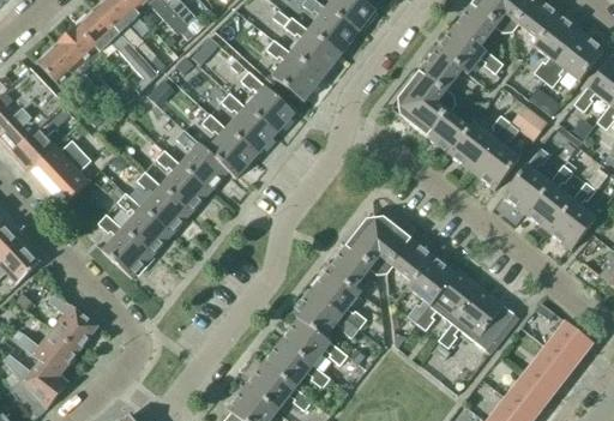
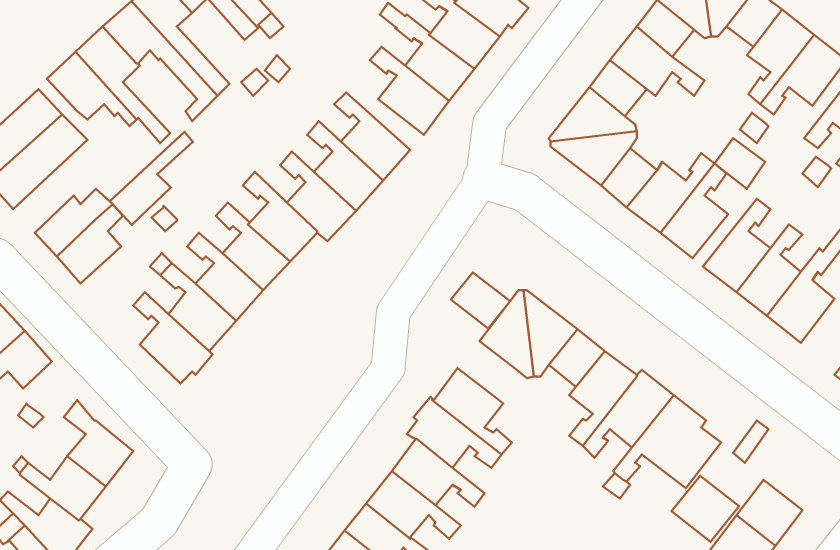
building: [12,106,71,172] -> [110,132,193,225]
building: [327,248,369,288] -> [451,273,510,328]
building: [544,321,592,368] -> [672,476,739,542]

